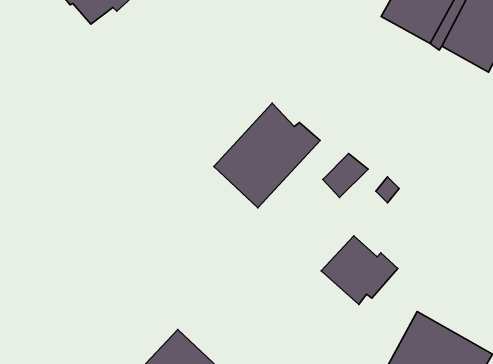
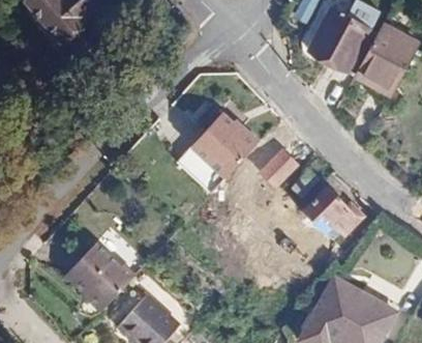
building: [321,236,398,305] -> [301,190,362,245]
building: none -> [66,237,138,304]

